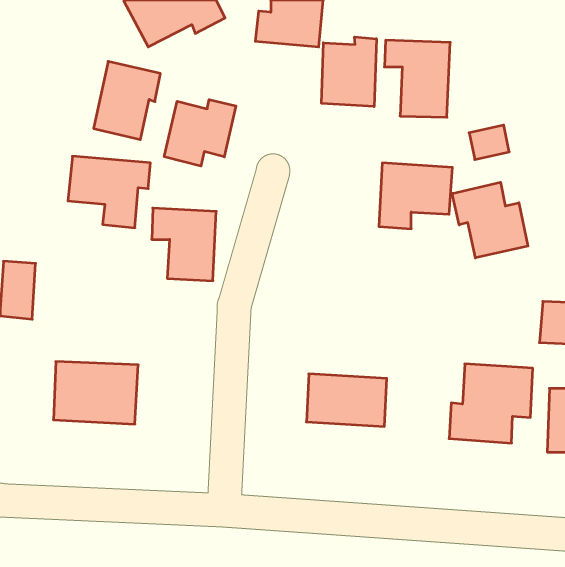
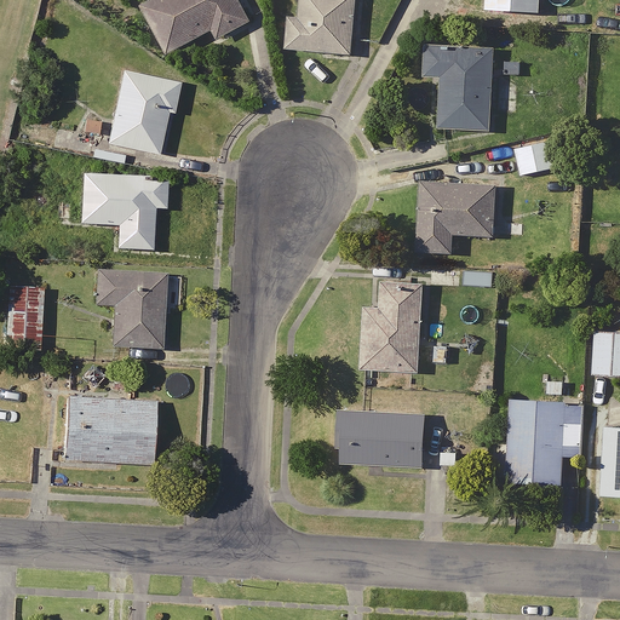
building: [322,37,376,107] -> none
building: [164,100,236,166] -> none
building: [452,182,528,258] -> none
building: [152,208,216,281] -> [94,270,165,349]
building: none -> [361,281,423,372]

